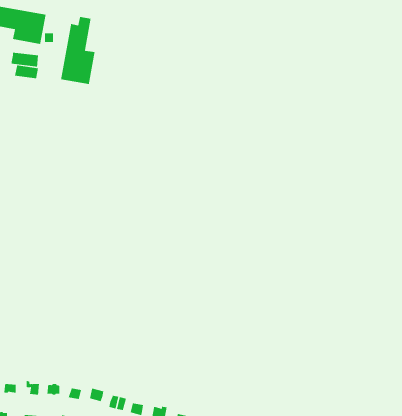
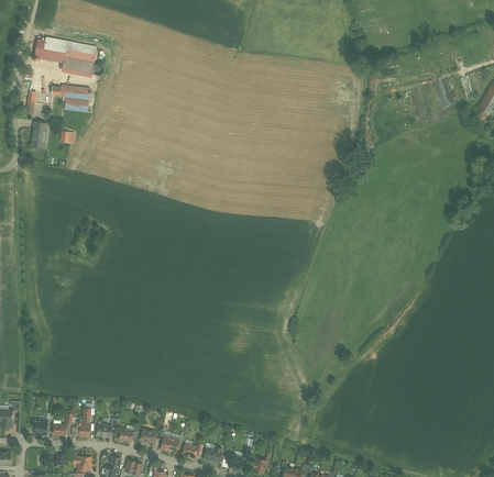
building: [61,16,95,85] -> none

